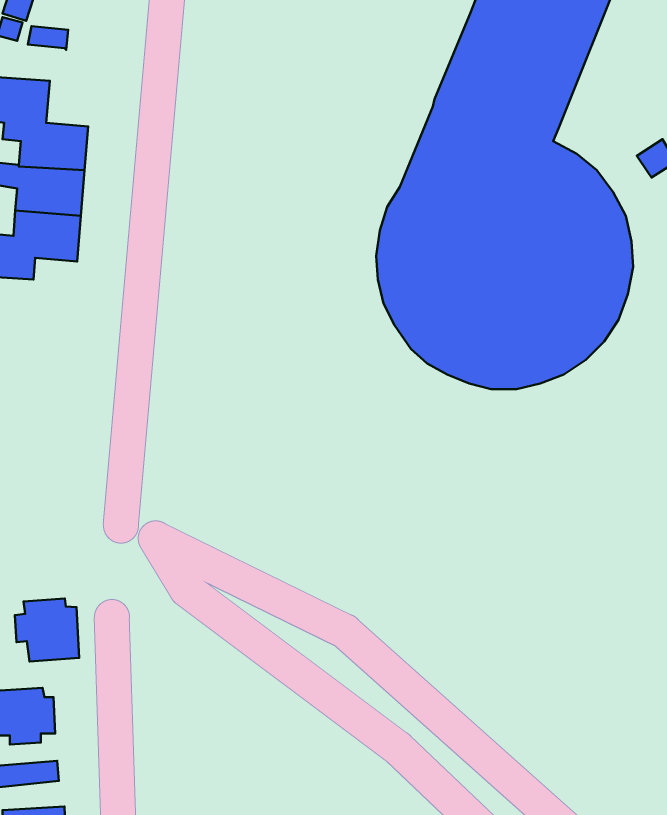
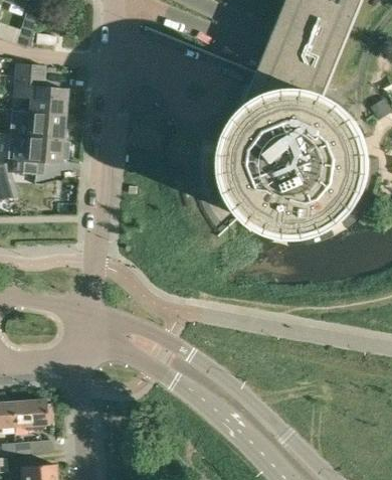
building: [15,599,79,662] -> none

